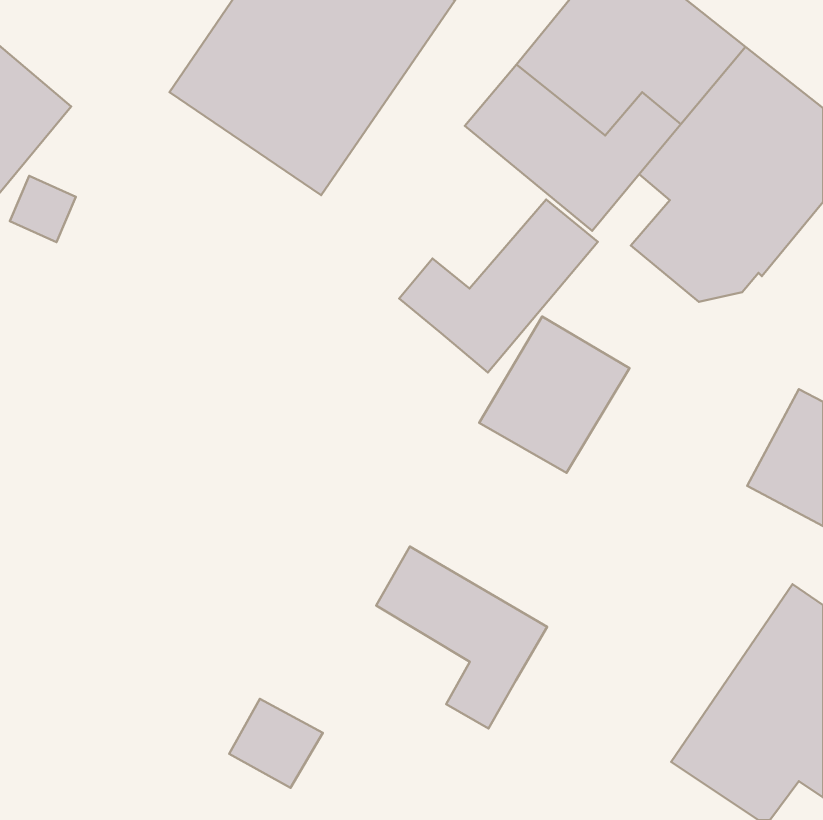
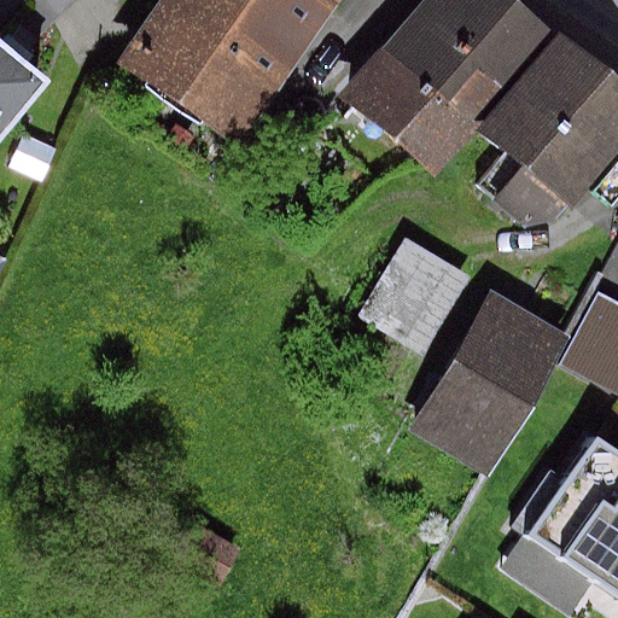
building: [399,199,598,372] -> none
building: none -> [415,279,577,465]
building: [376,546,547,728] -> none

